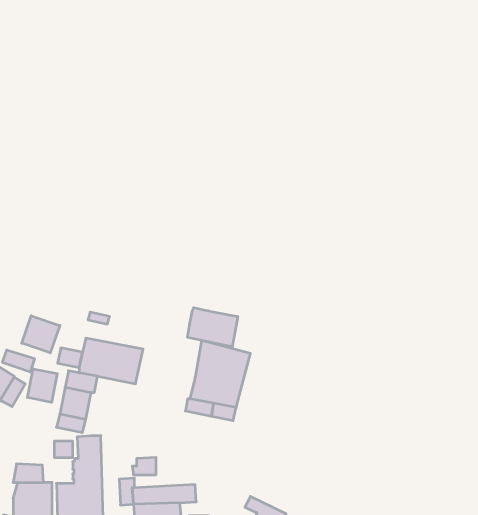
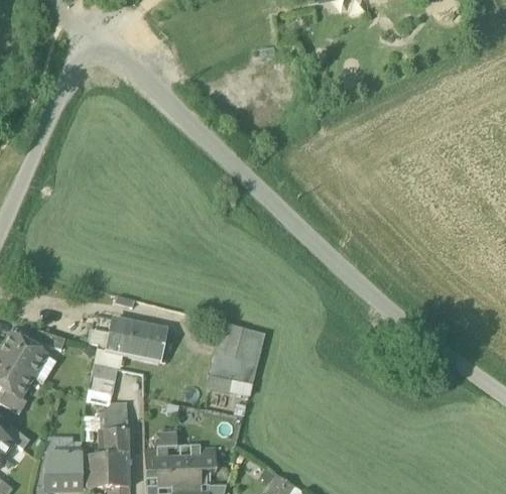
building: [188,308,238,347] -> none
building: [22,316,60,353] -> none
building: [27,369,57,402] -> none

